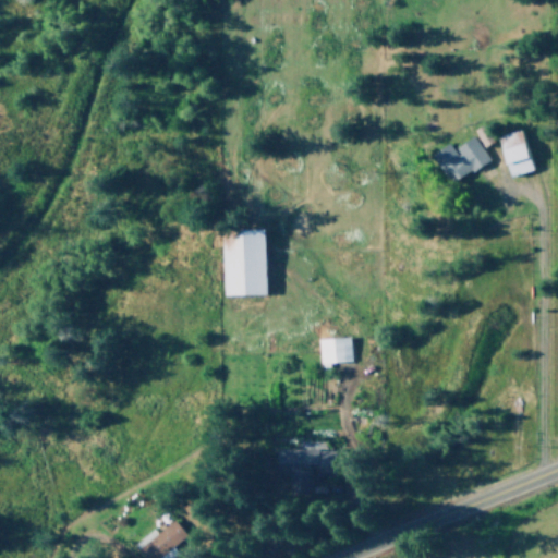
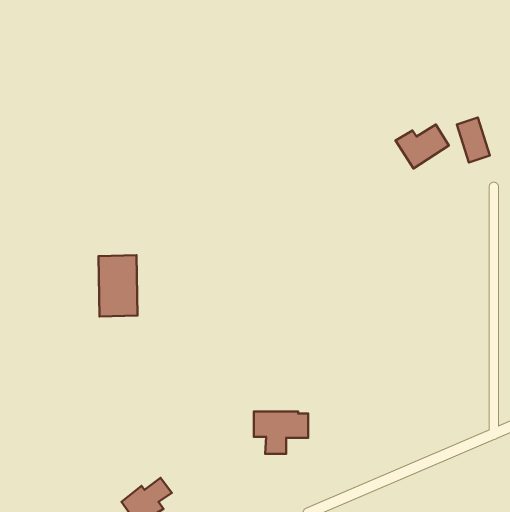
building: [225,229,267,295] -> [98,255,138,317]
building: [320,338,353,363] -> none

